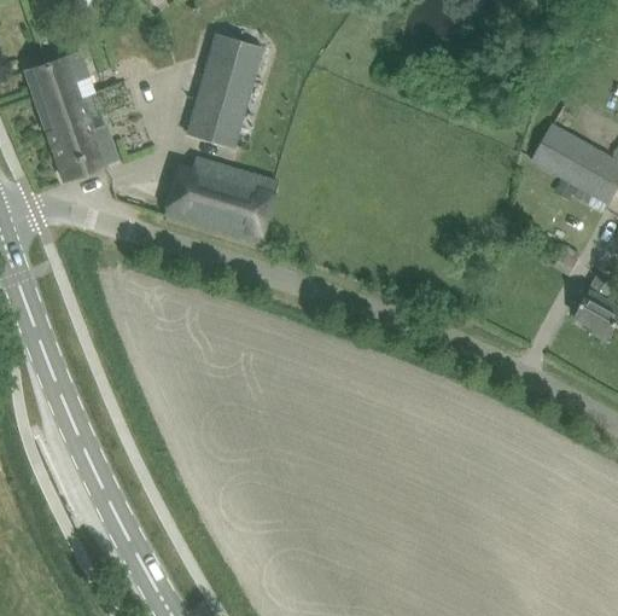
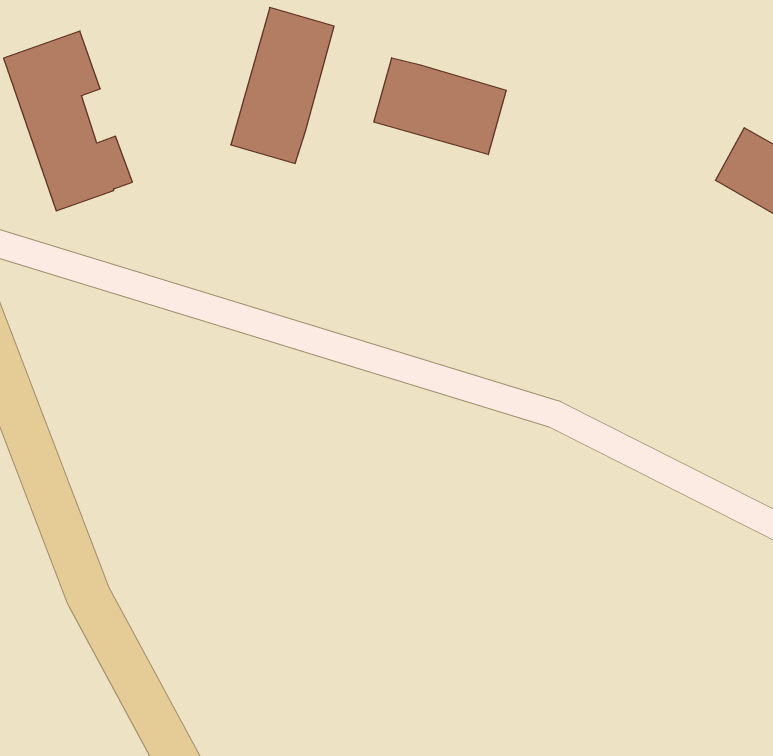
building: none -> [374,58,506,155]
building: [164,158,278,244] -> none

